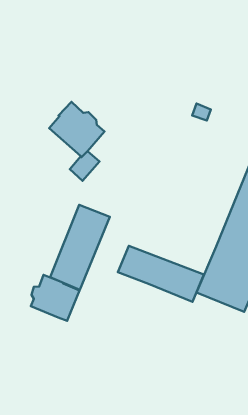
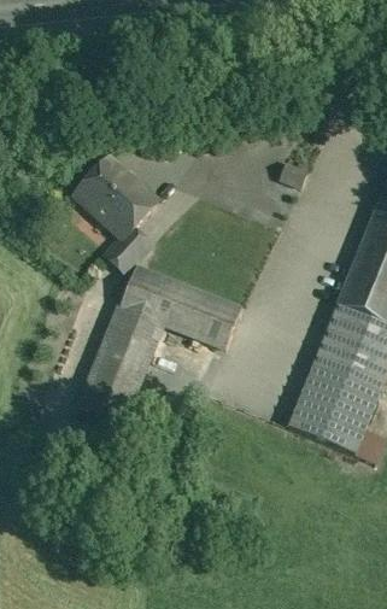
building: [118,246,204,302] -> [119,265,241,345]
building: [31,275,80,321] -> none

